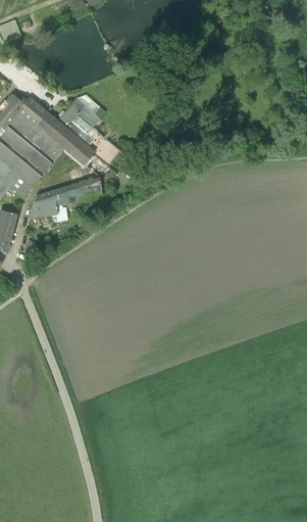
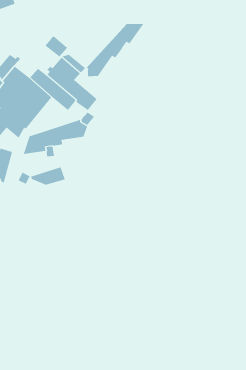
building: none -> [86,23,144,77]
building: [18,97,47,124] -> [44,35,68,57]
building: none -> [30,166,66,186]

